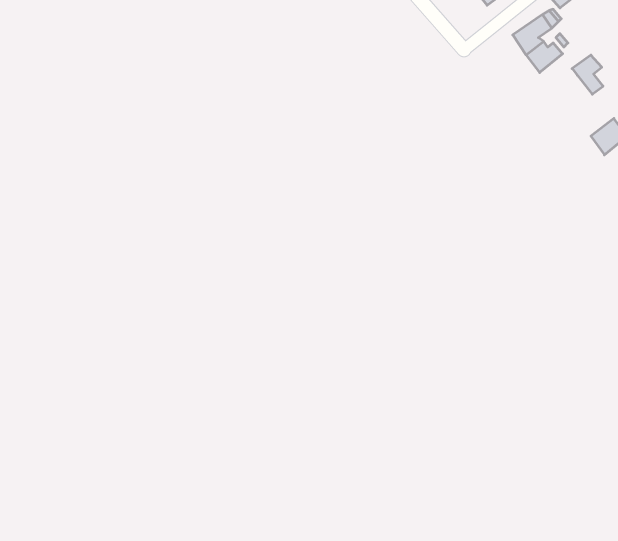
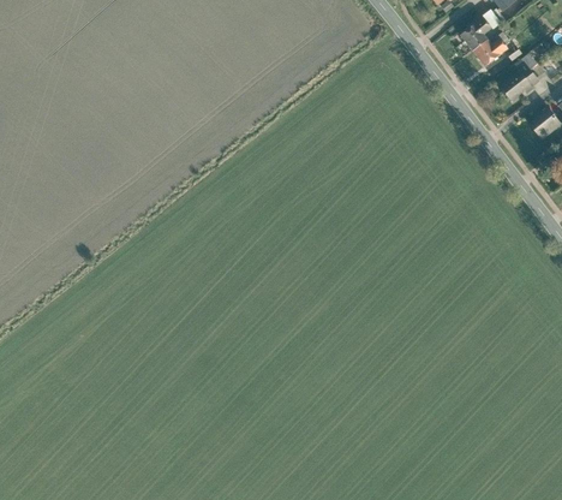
building: none -> [498,70,531,102]

